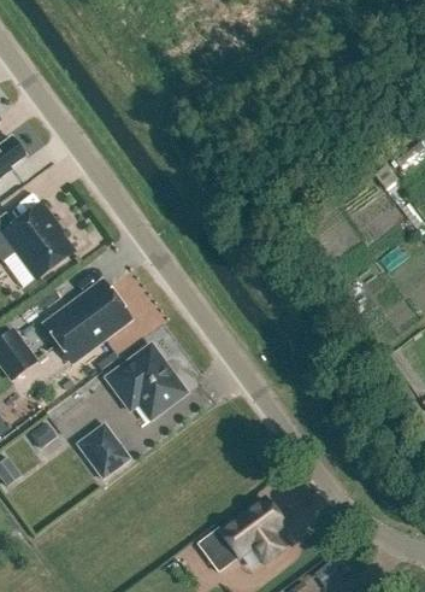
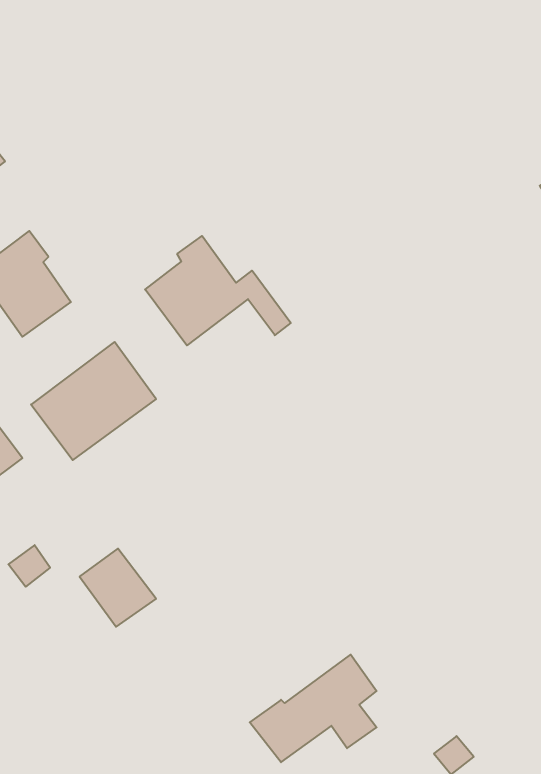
building: none -> [145,236,291,345]
building: [107,344,188,418] -> none

